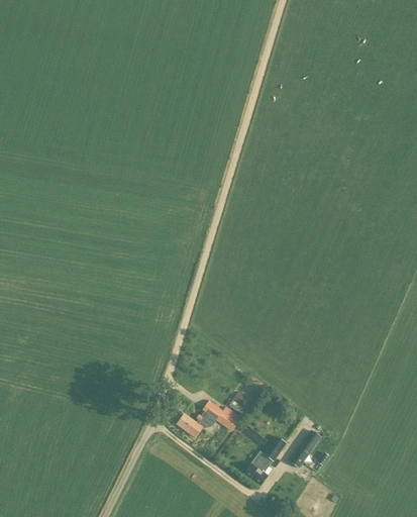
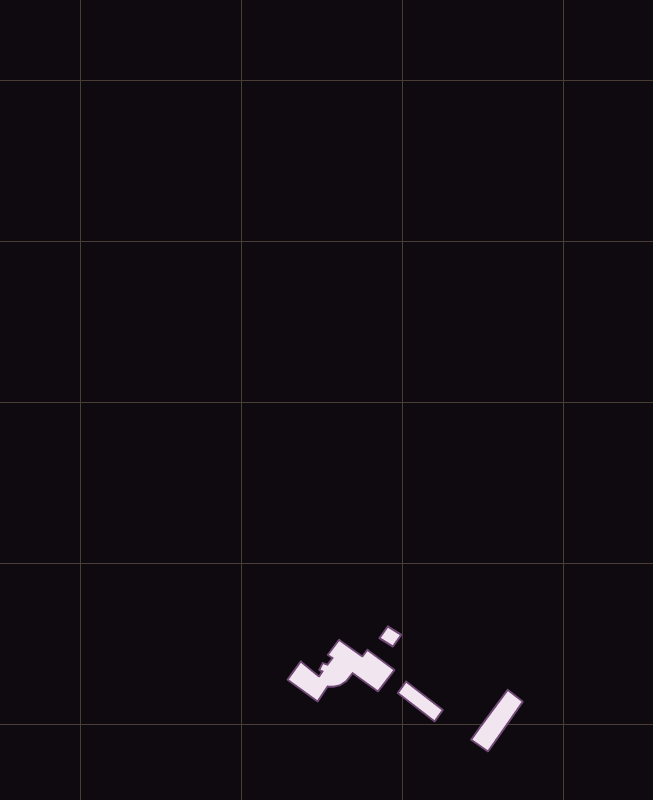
building: [244,450,272,484] -> none

